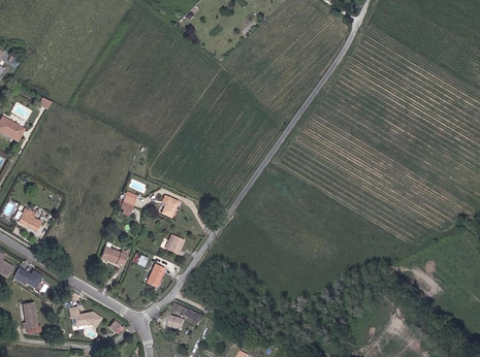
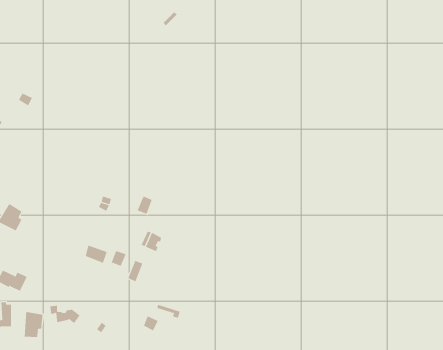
building: none -> [24,311,43,338]

